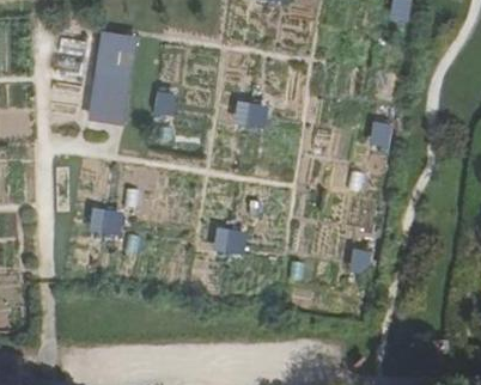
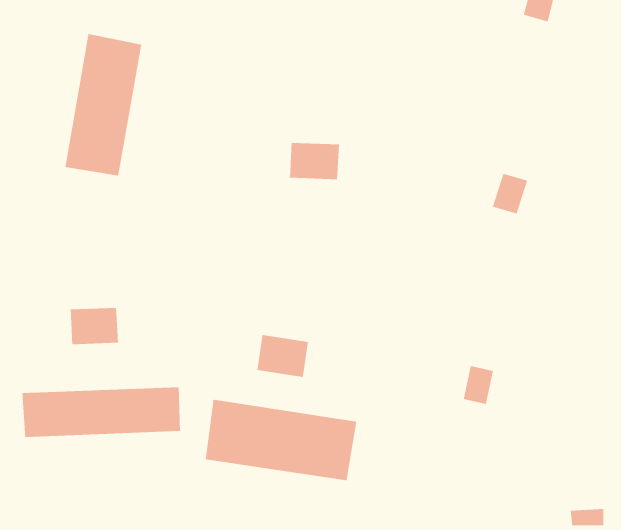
building: none -> [21,387,181,438]
building: none -> [205,399,357,481]

